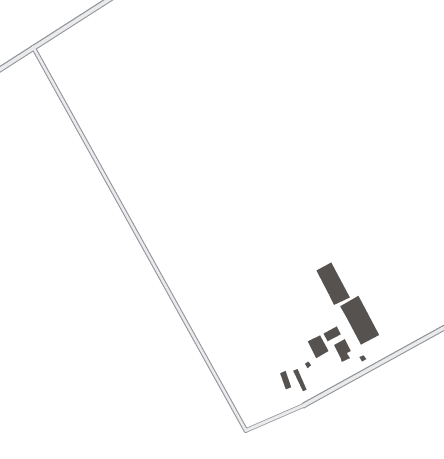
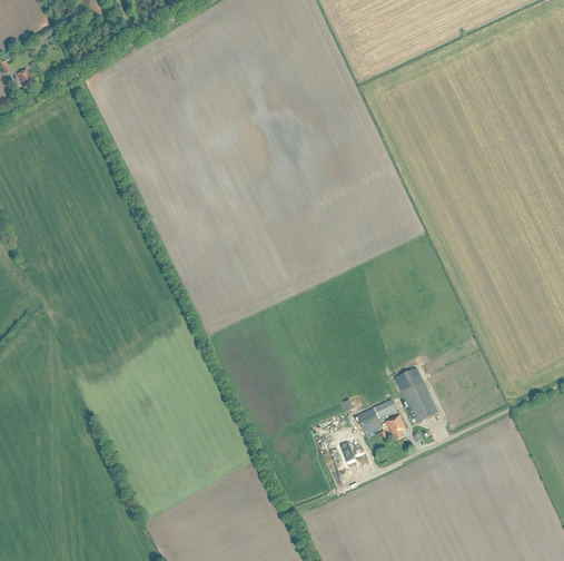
building: [315,261,351,306] -> none

